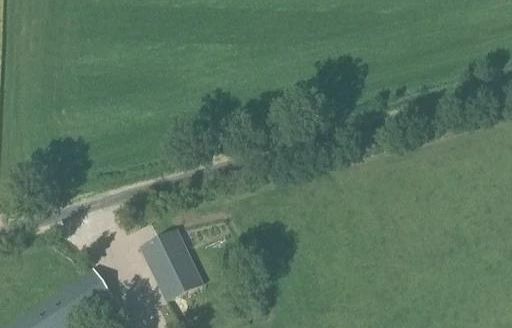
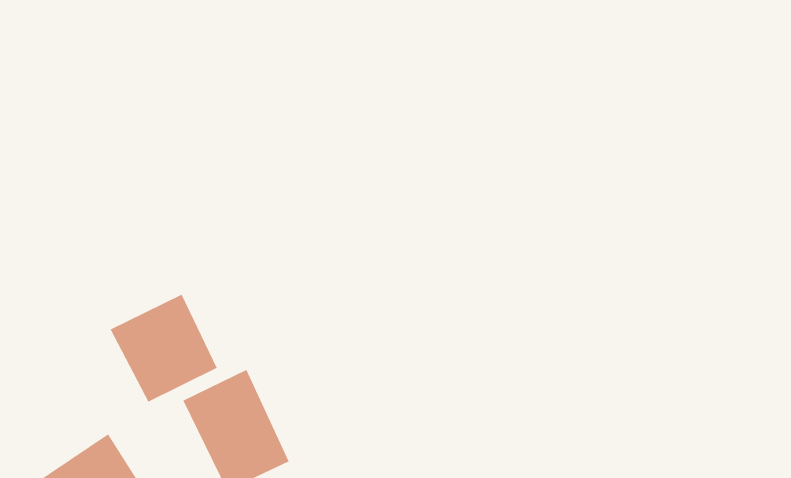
building: none -> [110,294,218,403]

